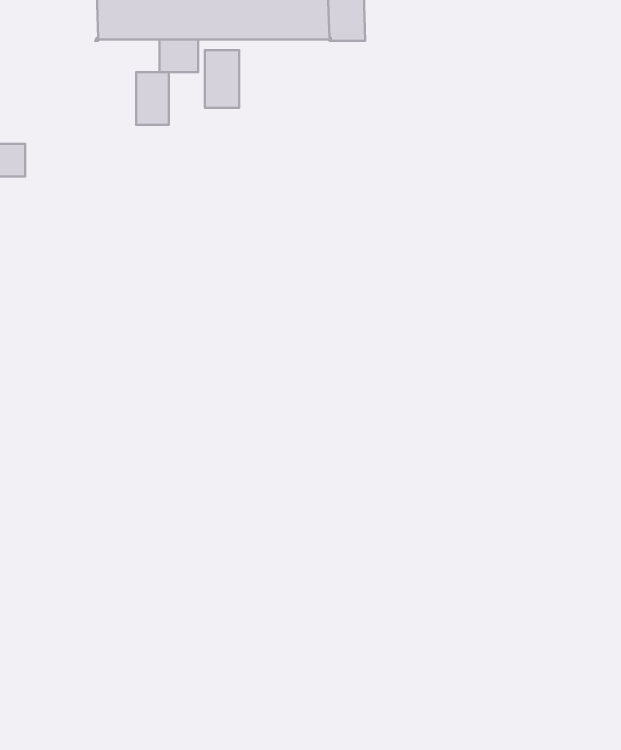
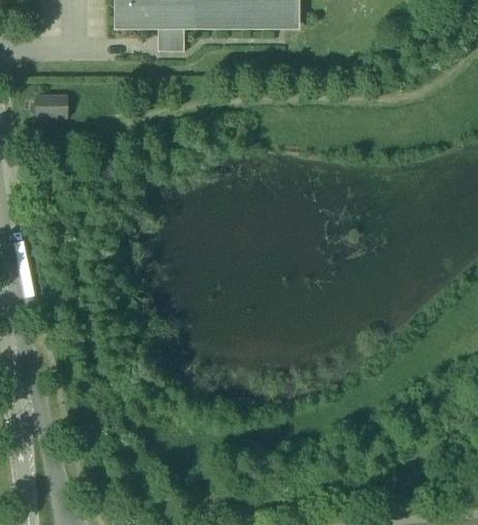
building: [205,50,239,108] -> none
building: [136,72,169,125] -> none

